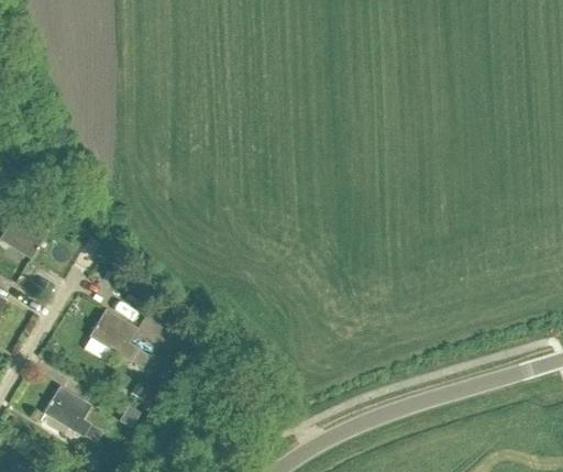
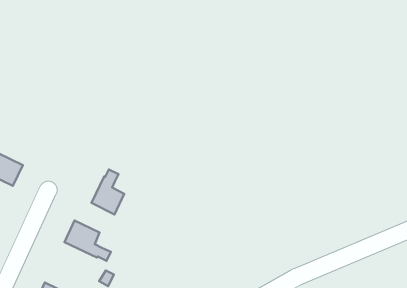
building: none -> [91,169,124,214]

